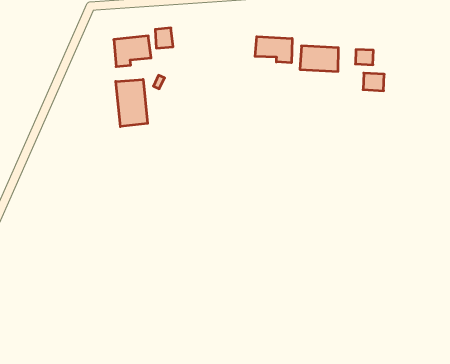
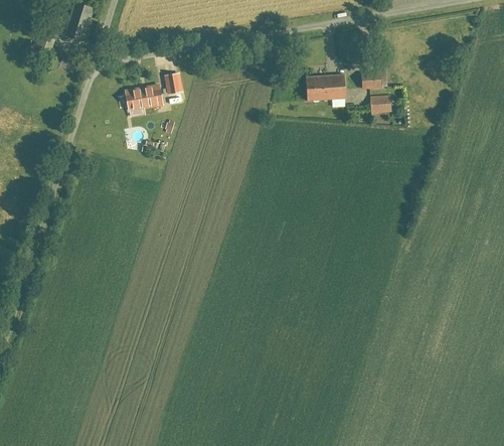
building: [255,37,292,63] -> none
building: [116,79,148,127] -> none

